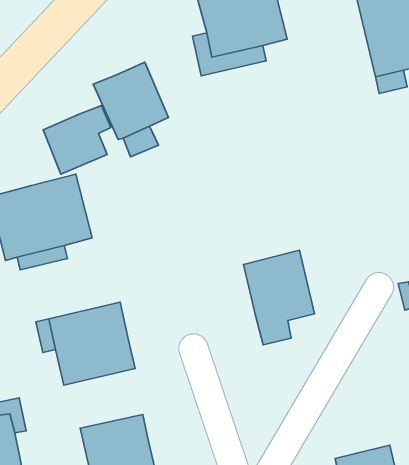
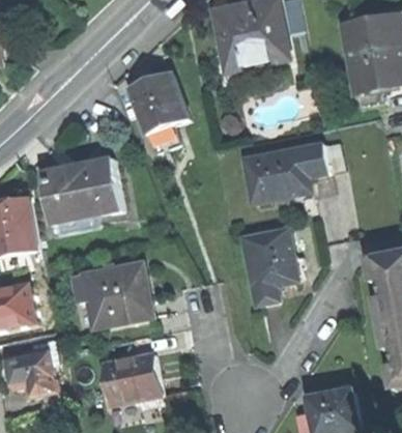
building: [43,105,111,174] -> none
building: none -> [242,143,327,202]

